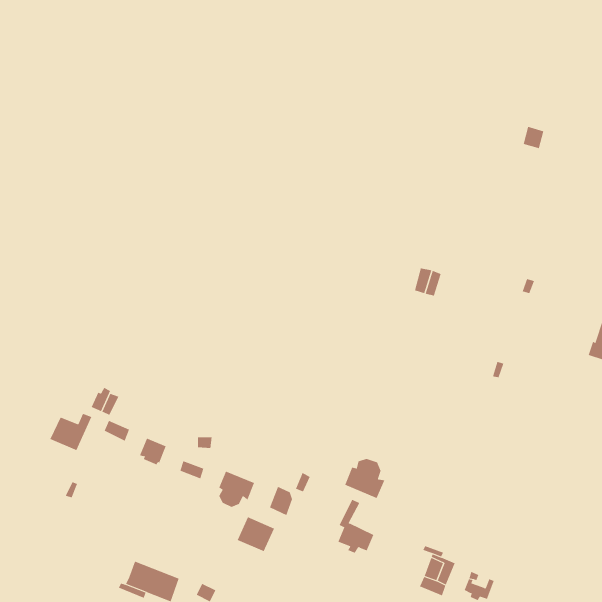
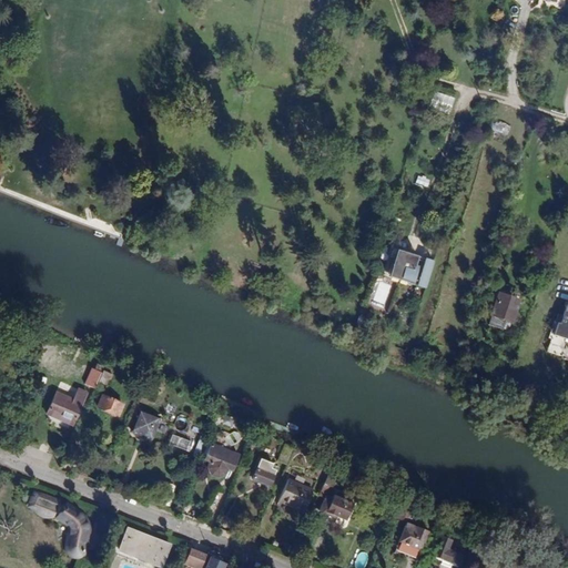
building: none -> [488,292,518,327]
building: [345,458,385,499] -> none
building: [237,517,275,552] -> [278,478,314,511]
building: none -> [30,491,88,554]

